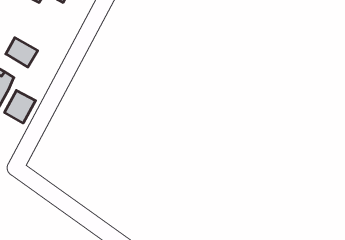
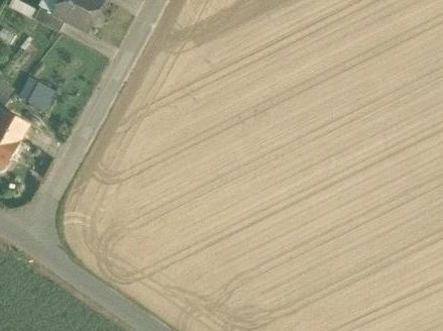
building: [5,90,36,123] -> none

